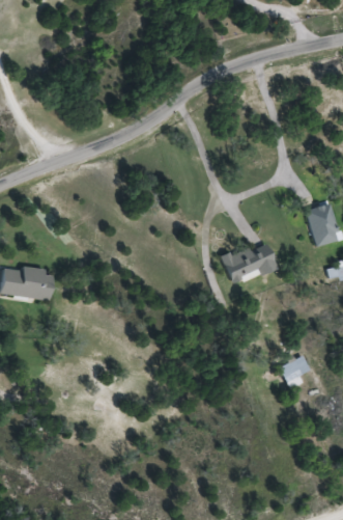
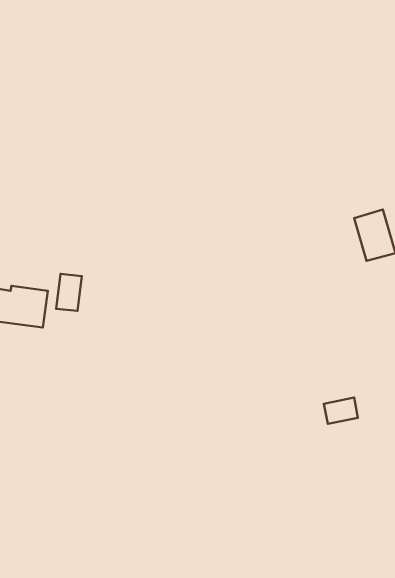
building: [222,240,277,286] -> none
building: none -> [56,274,82,311]

